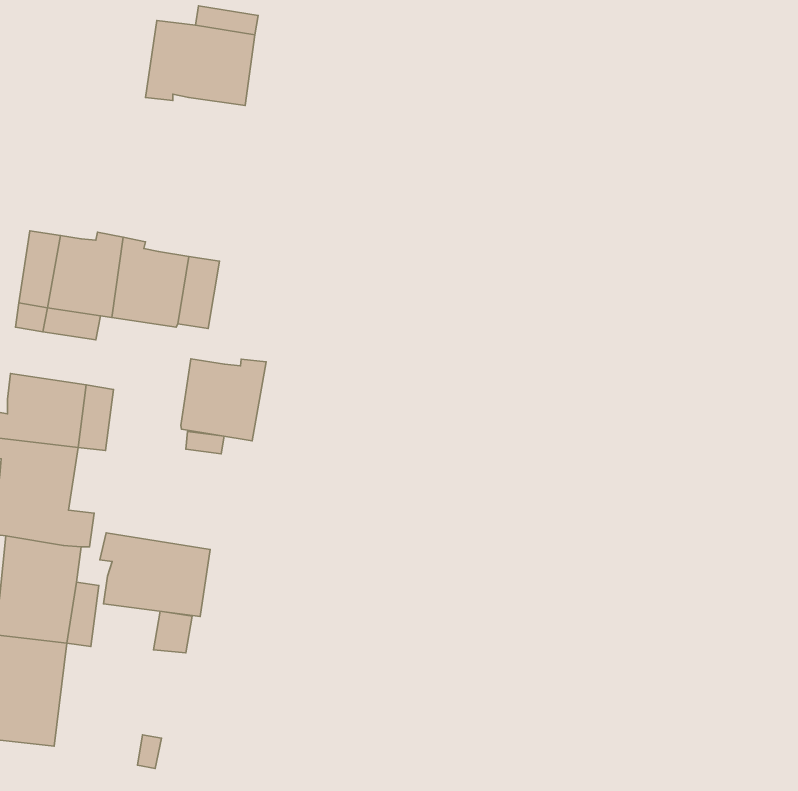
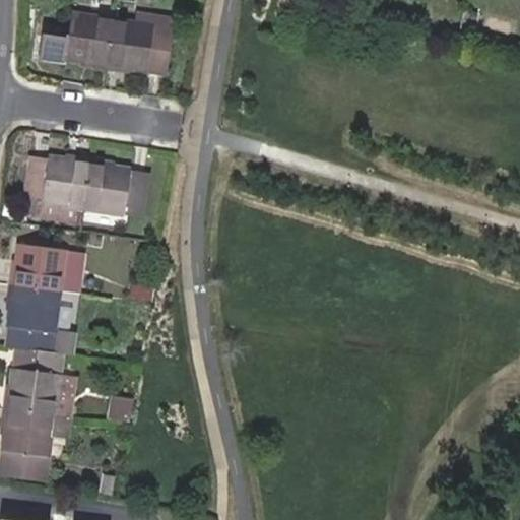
building: none -> [40,13,111,69]
building: [181,359,266,441] -> none
building: [100,533,210,616] -> none

